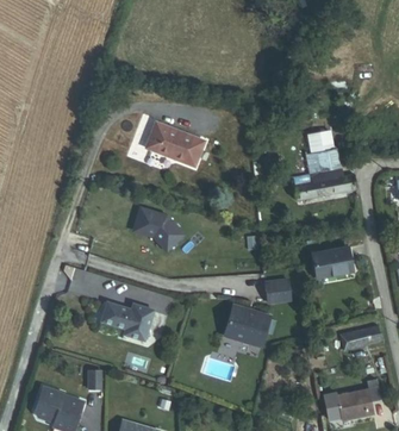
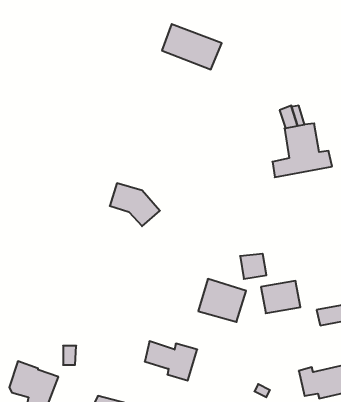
building: [145,120,205,165] -> [162,24,222,69]
building: [314,246,354,279] -> [261,281,300,313]
building: [101,300,154,339] -> [145,341,197,381]

